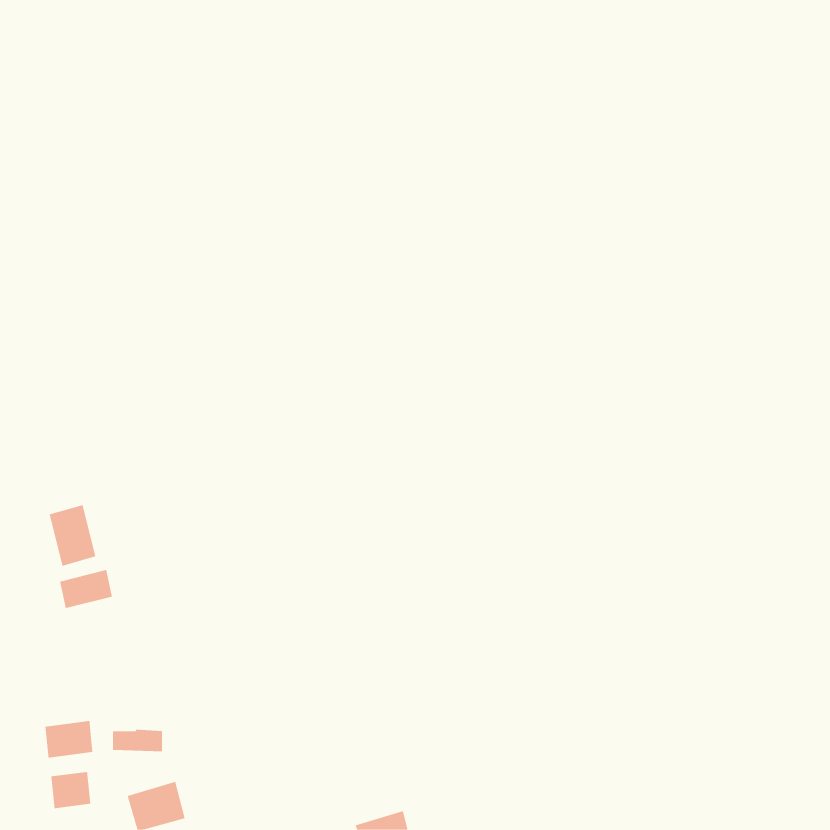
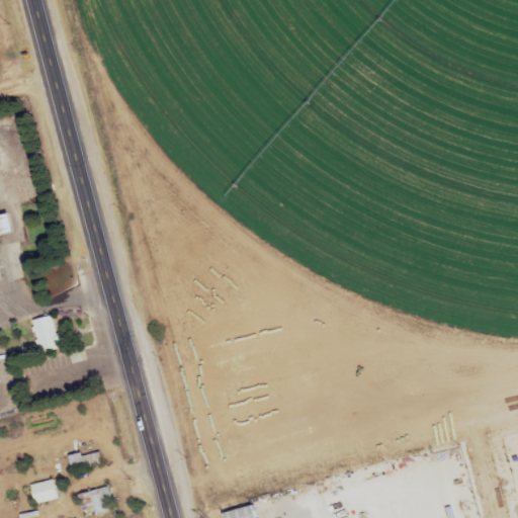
building: [60,569,112,609] -> none
building: [45,720,93,758] -> none

